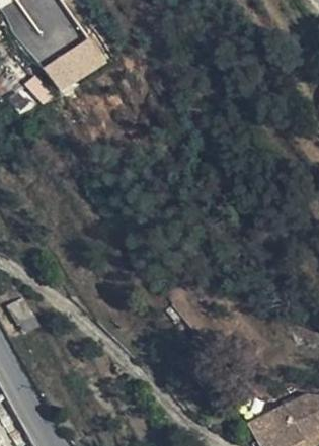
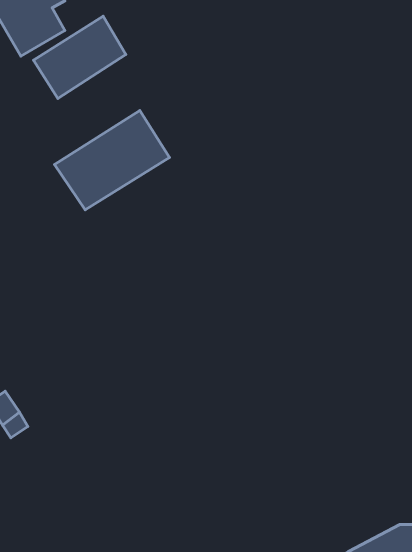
building: none -> [54,111,170,210]

